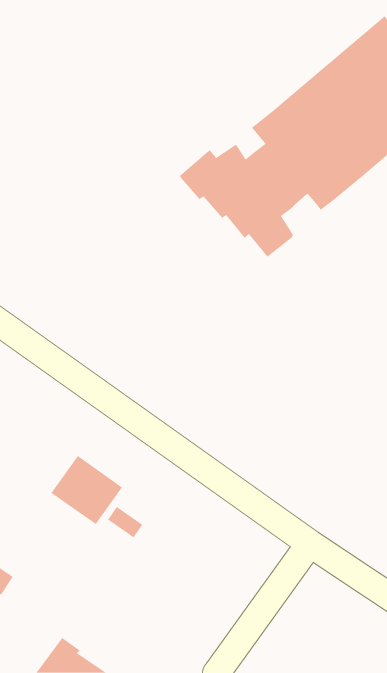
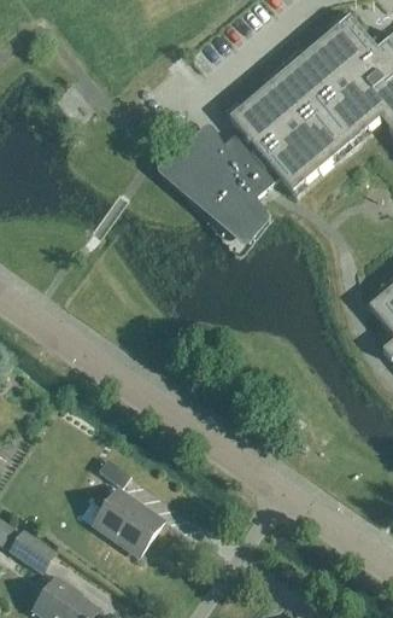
building: [51,455,123,525] -> [95,491,160,554]
building: none -> [10,530,55,572]

